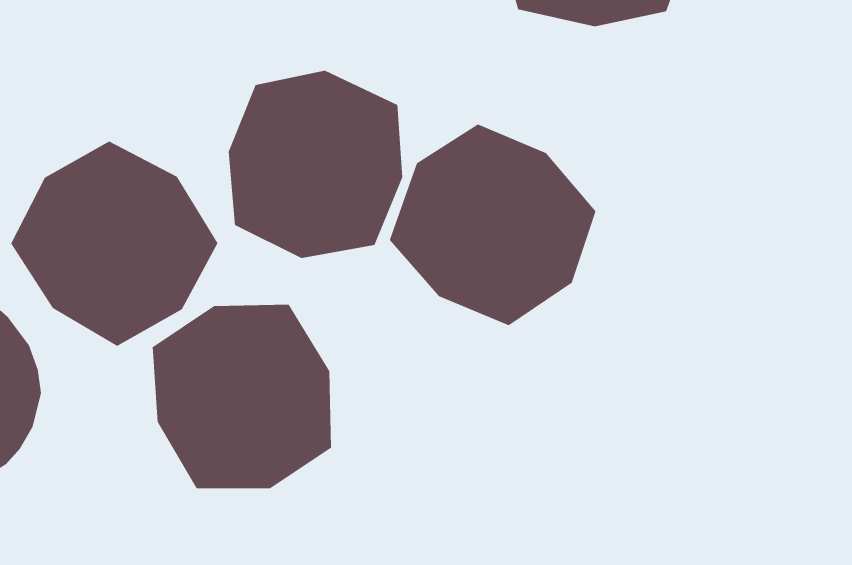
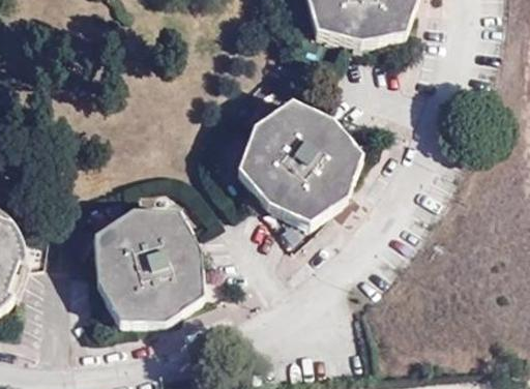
building: [228,70,403,259] -> none
building: [10,140,219,347] -> none

